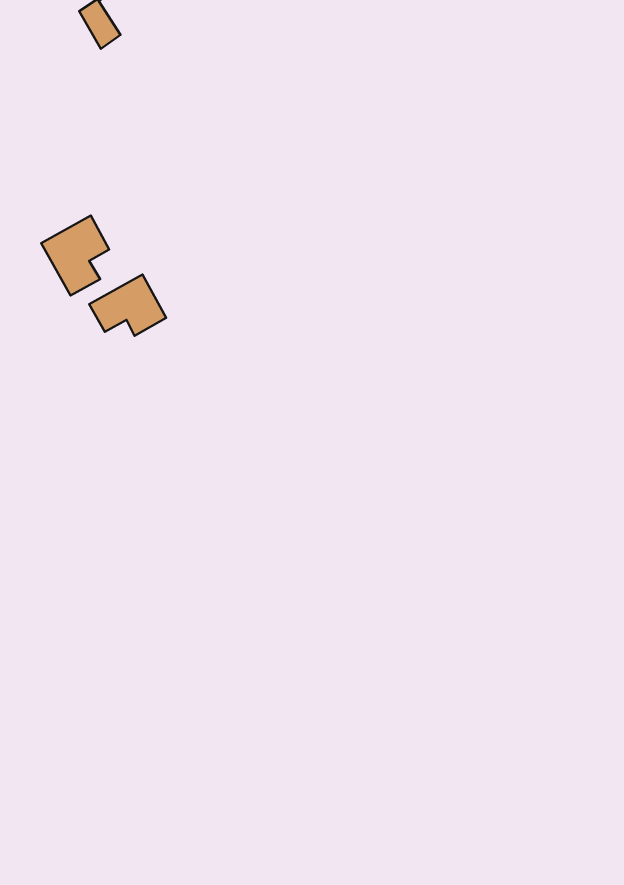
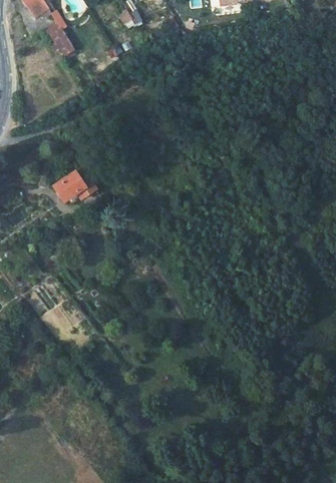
building: [41,216,109,295] -> none

